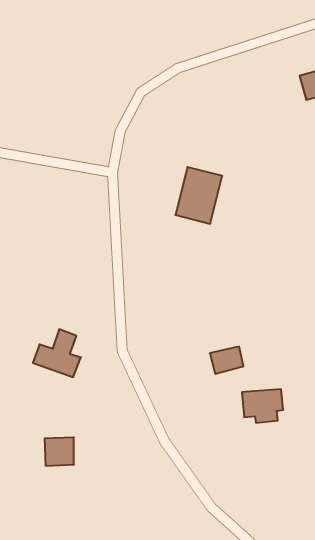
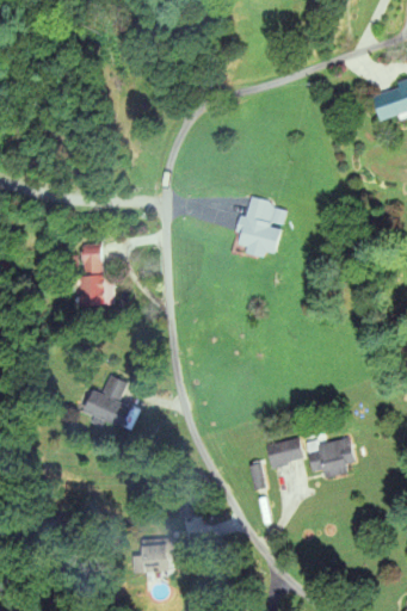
building: none -> [80,243,113,306]
building: [210,347,243,374] -> [266,438,303,468]
building: [45,437,74,466] -> [141,542,173,573]

